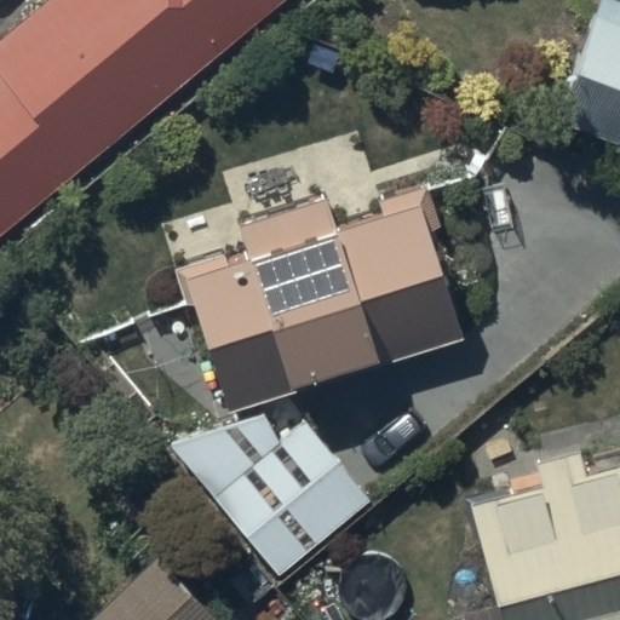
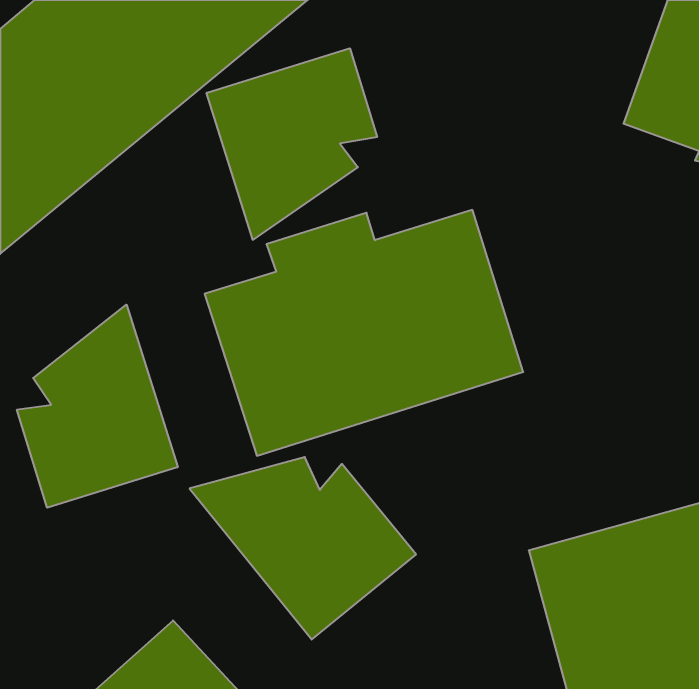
building: none -> [207,48,377,240]
building: none -> [17,305,178,508]

